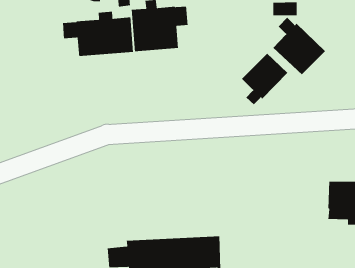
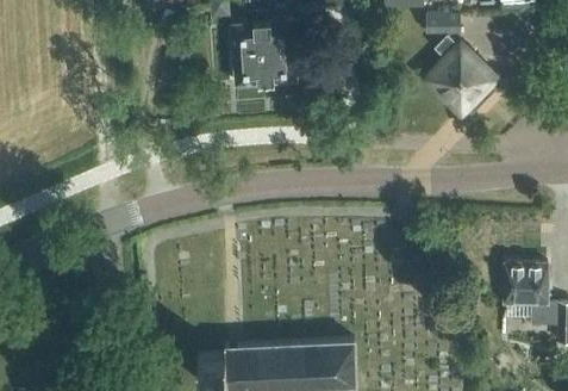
building: [62,11,134,57] -> none
building: [241,53,288,105] -> none

